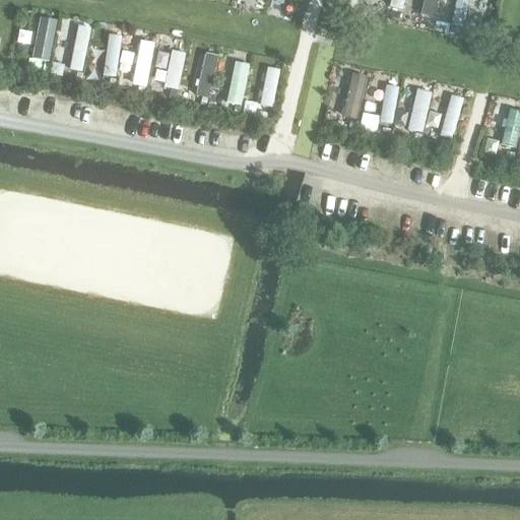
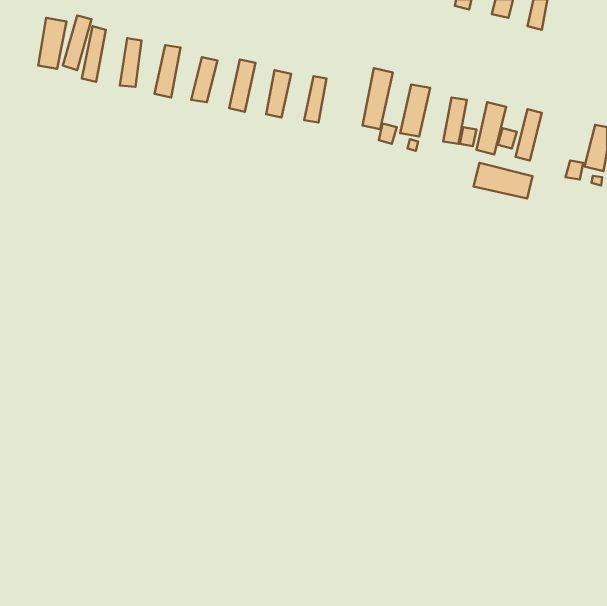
building: none -> [362,68,393,129]
building: none -> [473,163,533,199]

